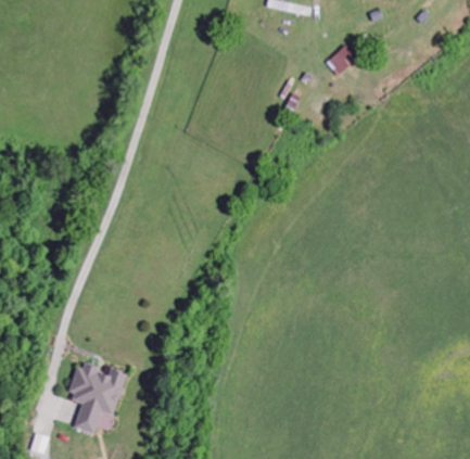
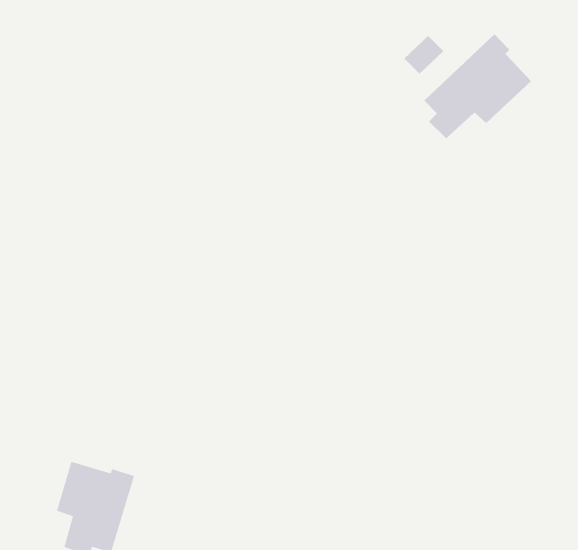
building: none -> [424,34,532,139]

